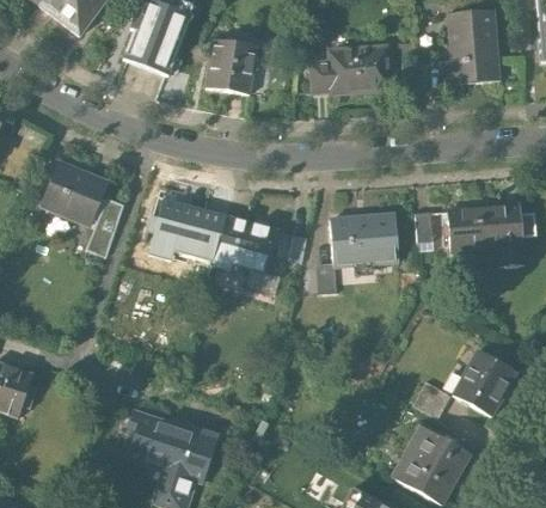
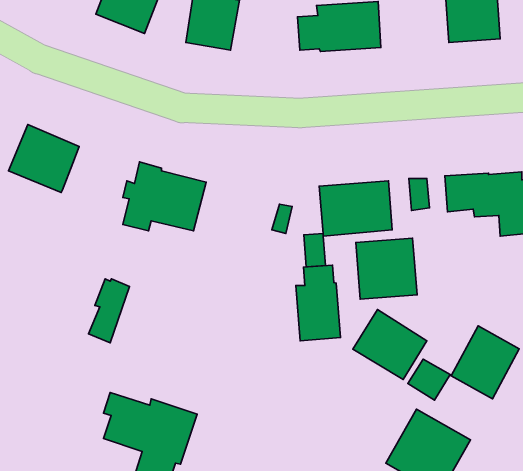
building: [86,197,124,257] -> [88,279,129,343]
building: [213,215,280,271] -> none
building: none -> [356,238,417,299]
building: none -> [296,265,340,341]
building: none -> [353,310,427,380]

